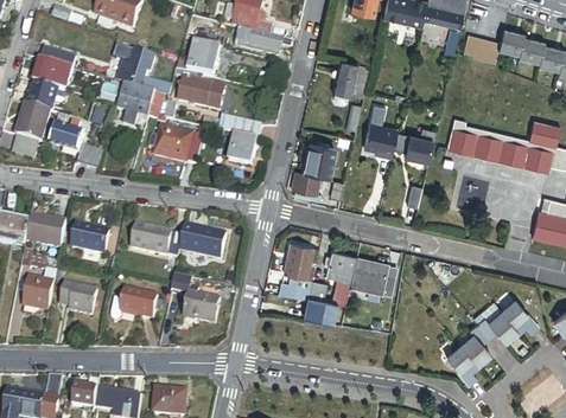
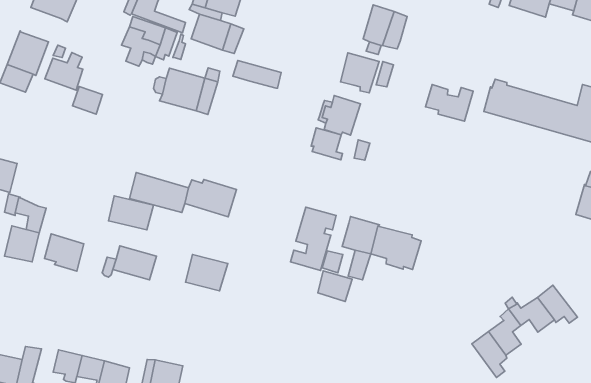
building: [26,82,61,112] -> none
building: [362,122,395,156] -> [341,53,379,93]
building: [227,135,256,165] -> none
building: [26,217,65,247] -> none
building: [72,225,112,253] -> [109,196,154,230]

